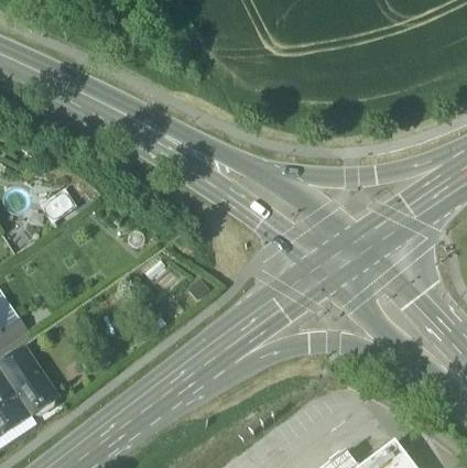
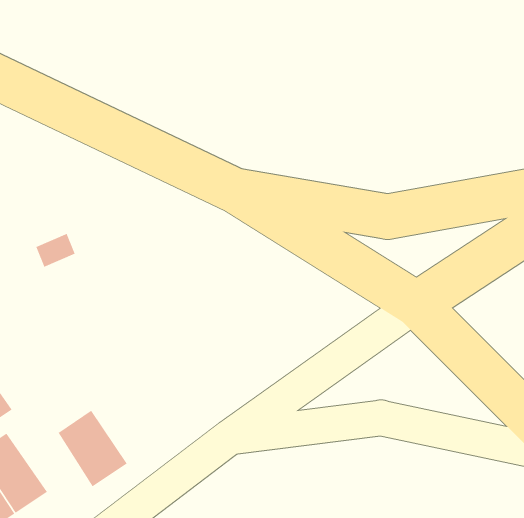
building: none -> [58,410,128,487]

